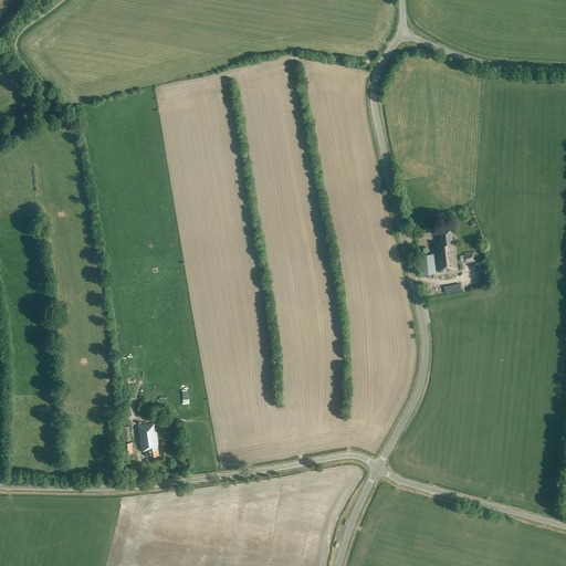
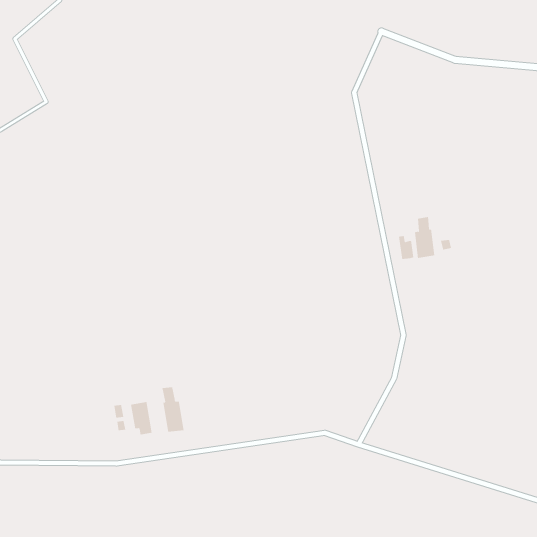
building: none -> [162,386,184,432]

